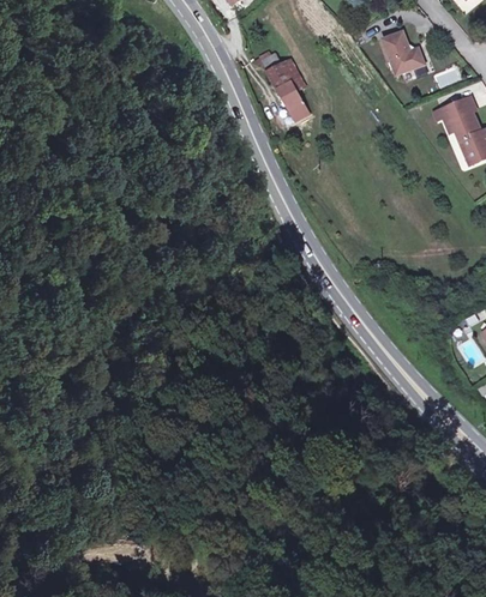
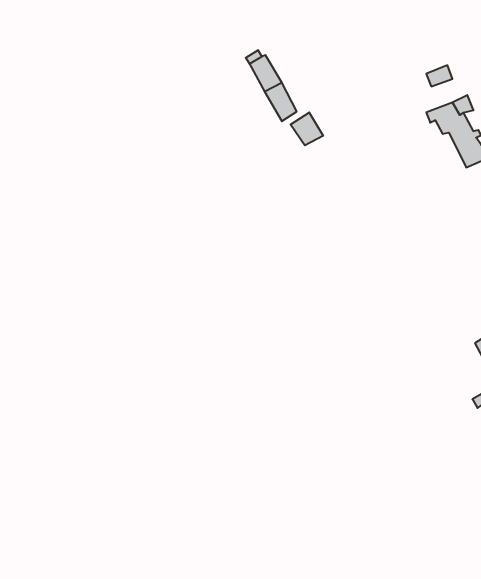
building: [380,30,425,73] -> none
building: none -> [291,112,323,145]

